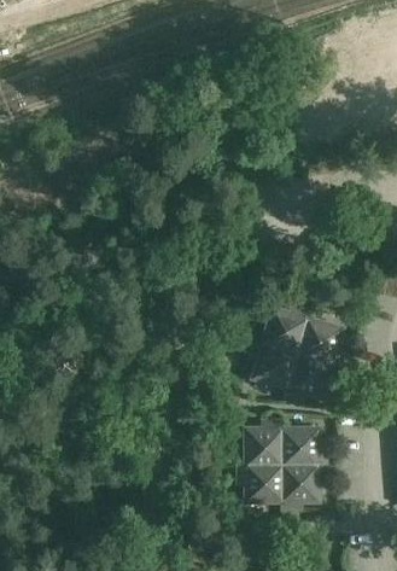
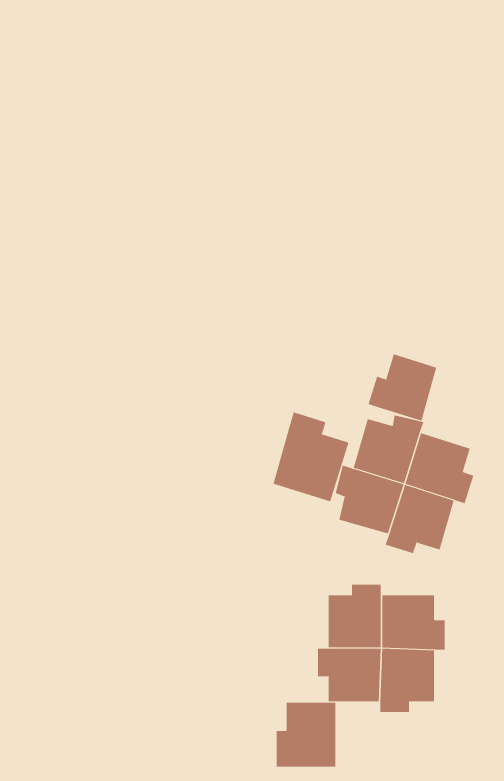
building: none -> [368,354,437,421]
building: none -> [273,412,349,502]
building: none -> [276,702,336,767]

